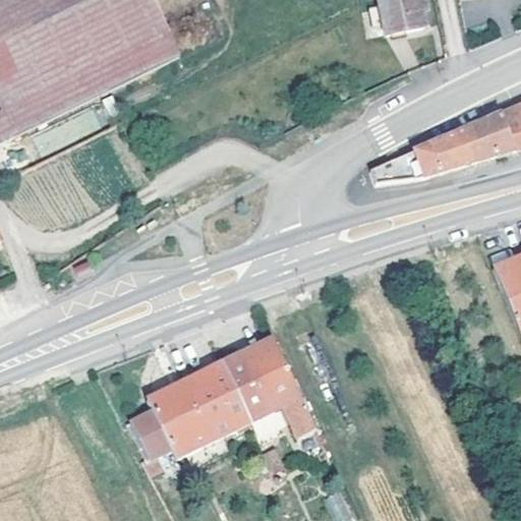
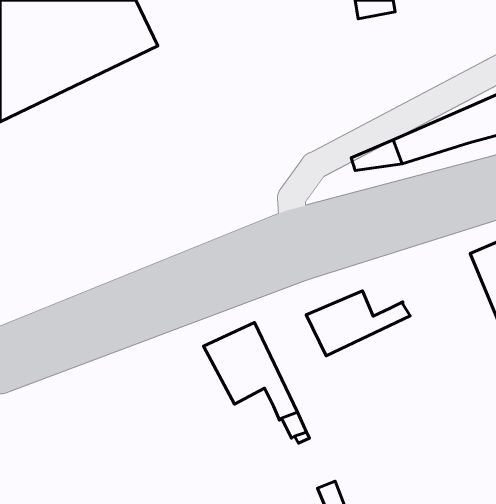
building: none -> [306,291,410,356]
building: [130,359,253,473] -> none

